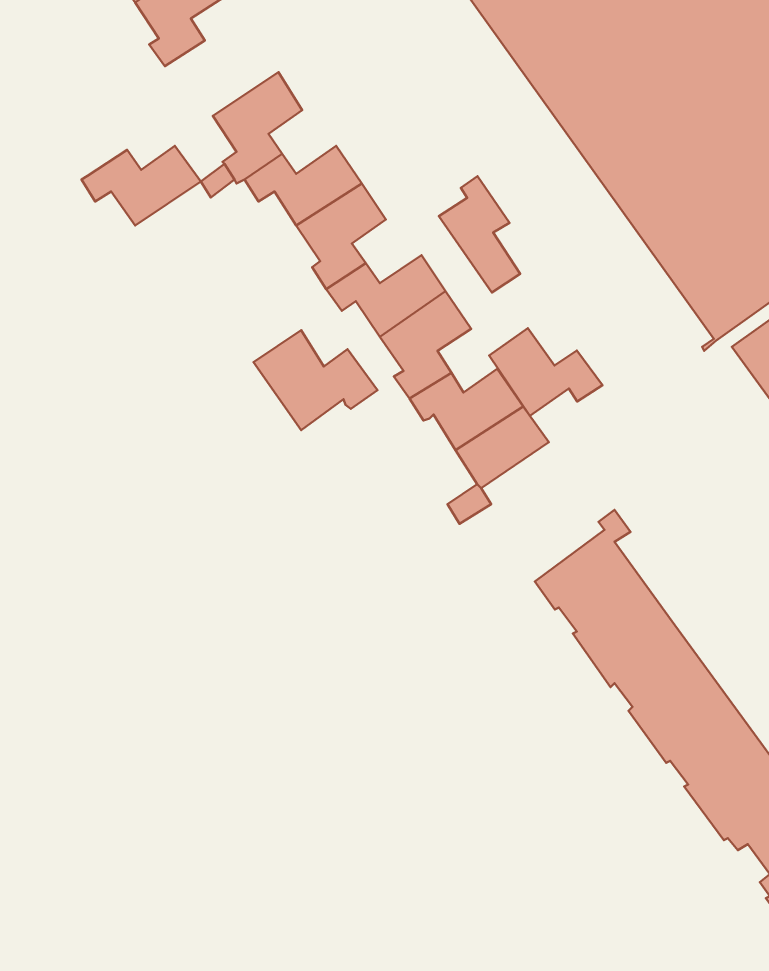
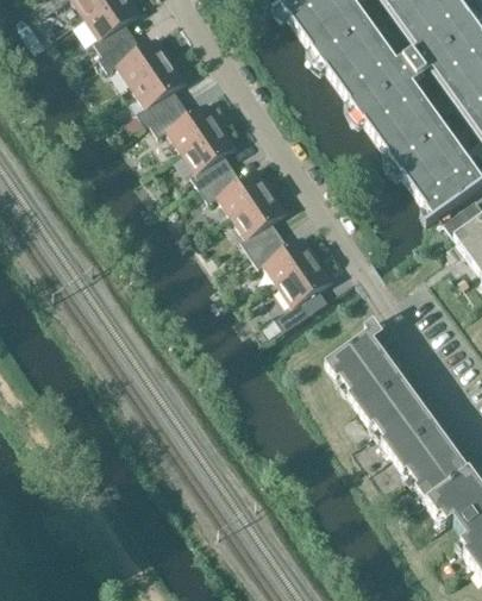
building: [81,146,201,225] -> [101,33,173,81]
building: [439,176,520,292] -> none
building: [489,328,602,416] -> none
building: [254,330,377,430] -> none

